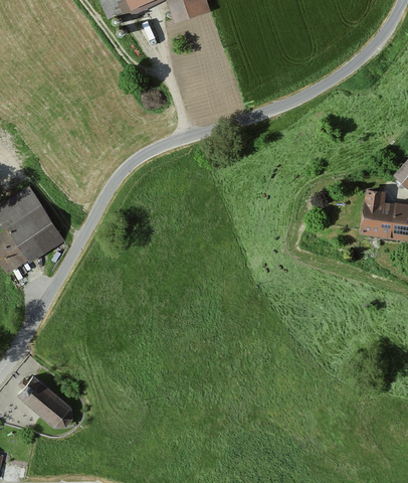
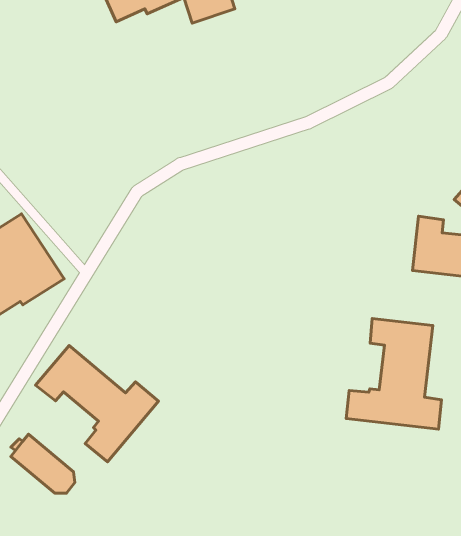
building: none -> [346,318,442,429]
building: none -> [36,346,159,462]

